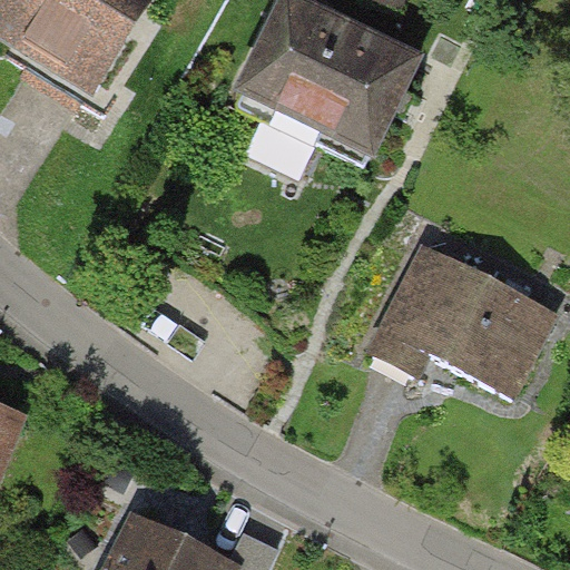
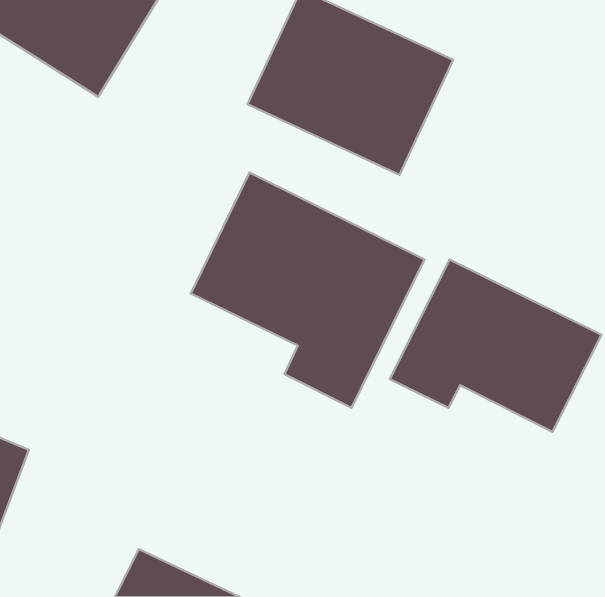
building: none -> [191,173,425,408]

